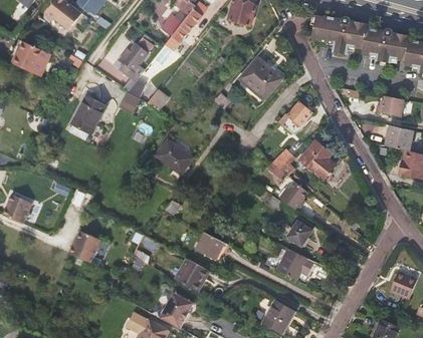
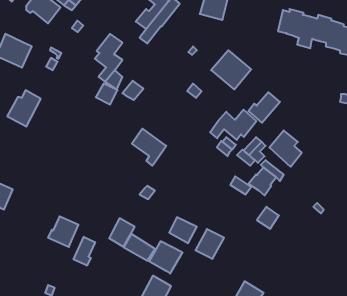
building: [70,96,105,134] -> [7,90,41,127]
building: none -> [210,110,256,140]
building: [275,248,305,279] -> [195,229,224,259]
building: none -> [124,234,155,261]
building: none -> [74,237,95,266]

